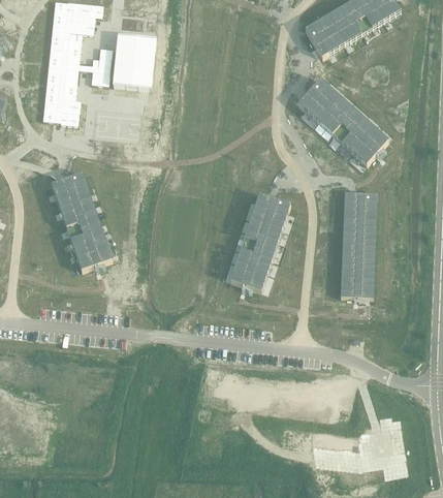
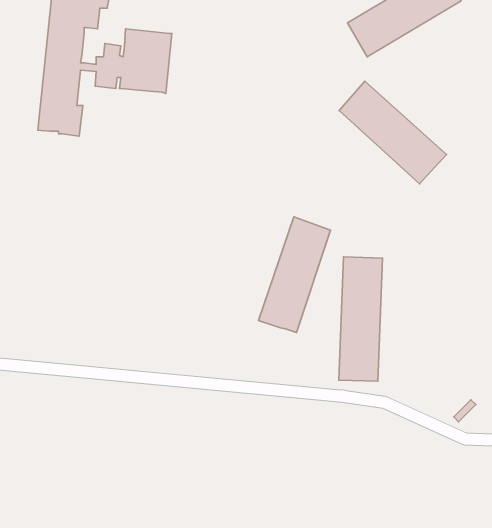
building: [51,172,113,270] -> none
building: [340,191,377,297] -> [339,257,383,381]

